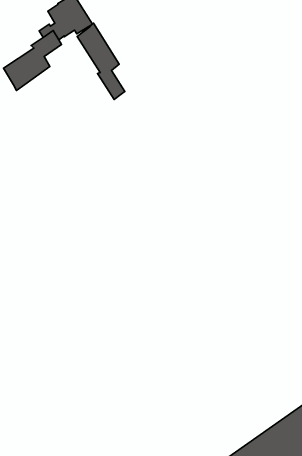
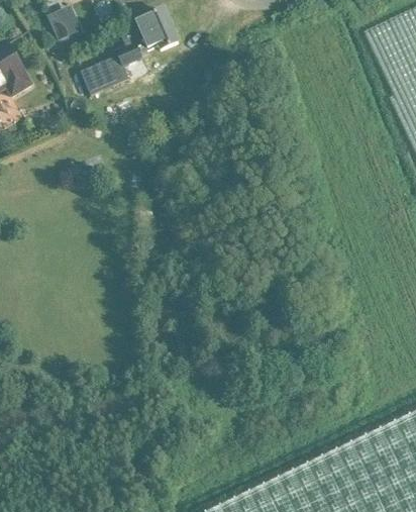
building: [77,23,125,100] -> none

